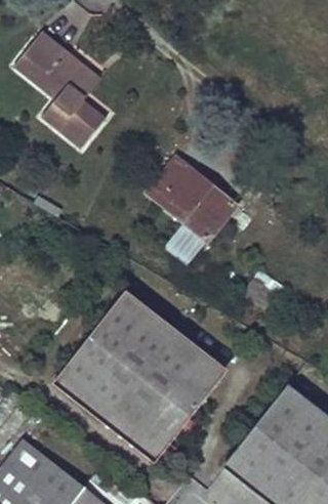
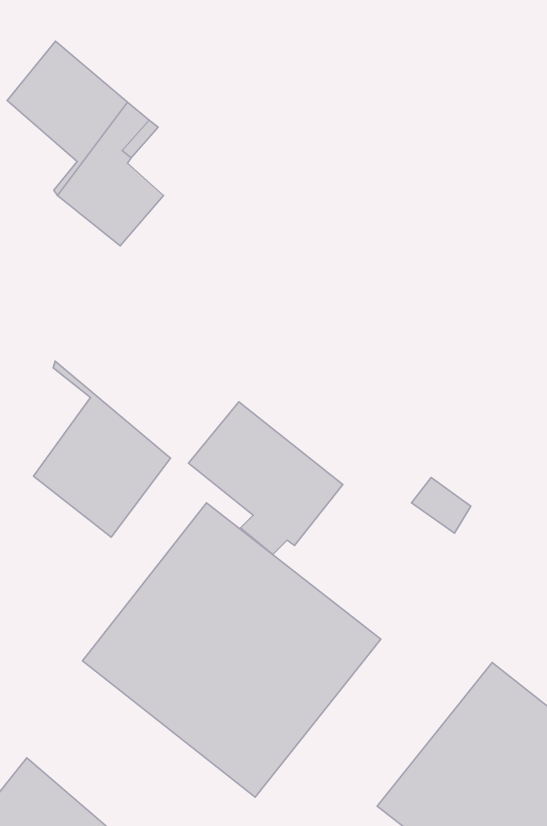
building: [148,159,236,246] -> [188,402,343,555]
building: none -> [33,361,170,537]

